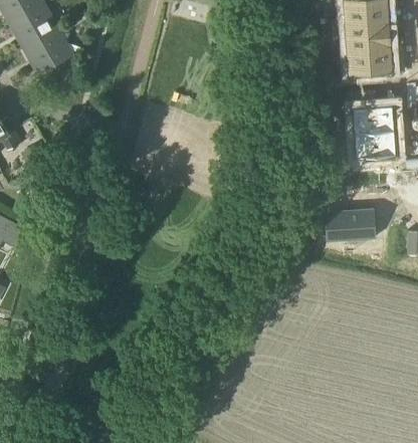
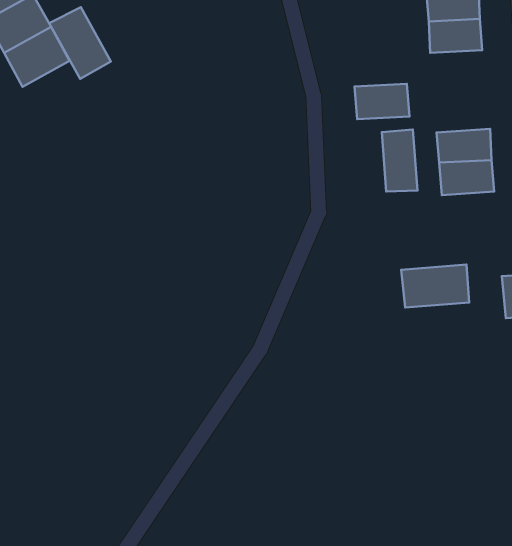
building: none -> [49,7,111,79]
building: [350,46,392,73] -> [355,84,409,119]
building: none -> [382,130,417,192]

